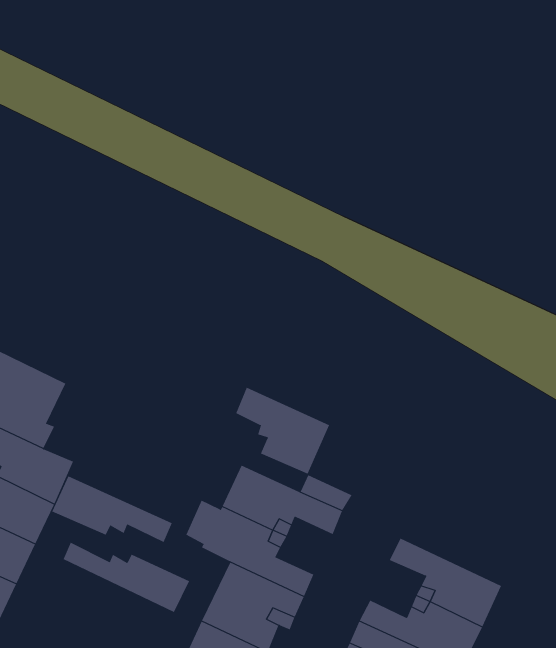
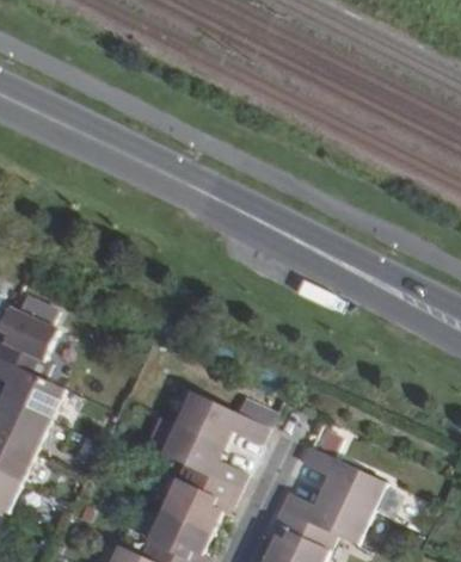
building: [235,387,330,474] -> none
building: [52,476,172,543] -> none
building: [63,542,190,613] -> none

